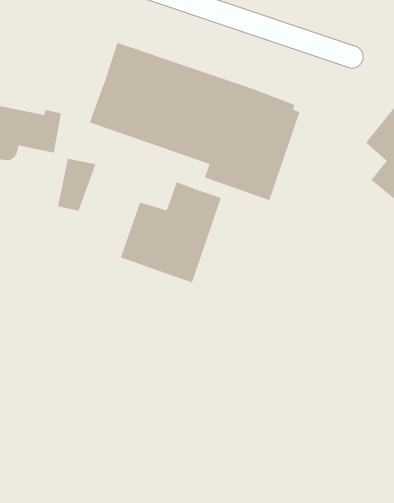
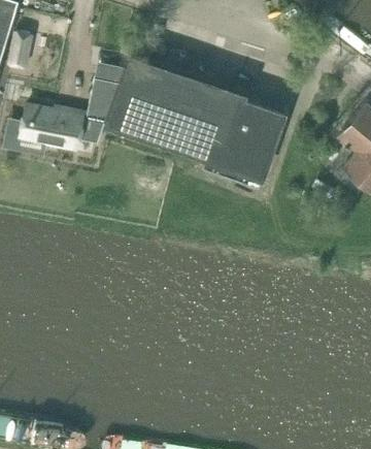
building: [57,158,96,212] -> [86,79,119,125]
building: [120,181,222,283] -> none

